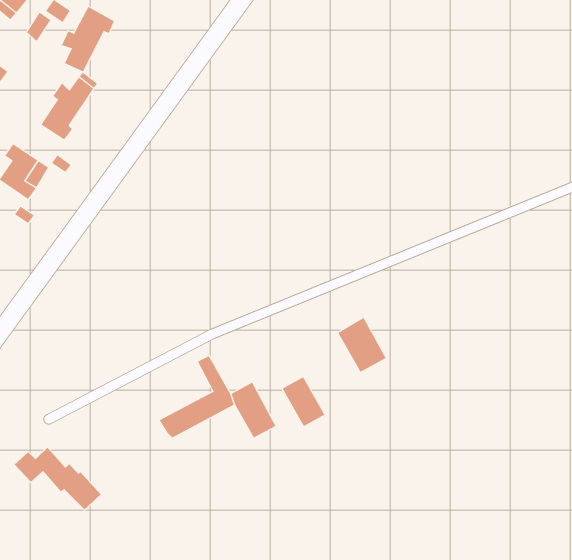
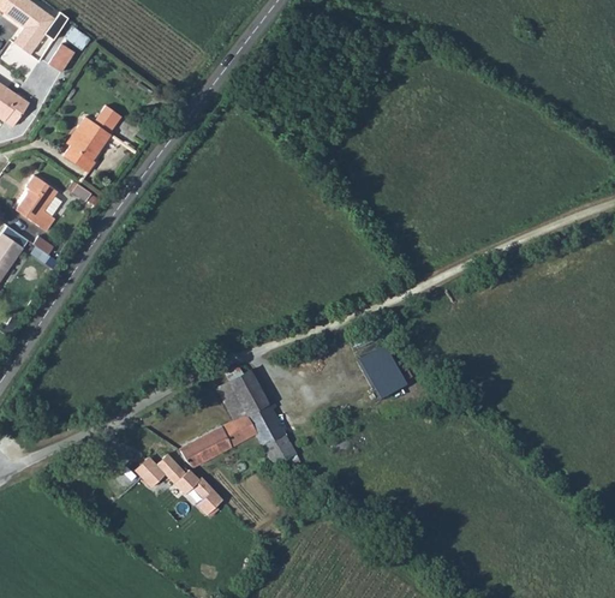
building: [61,6,115,72] -> none
building: [282,376,325,427] -> [229,372,273,423]
building: [14,447,101,510] -> [135,454,222,518]

